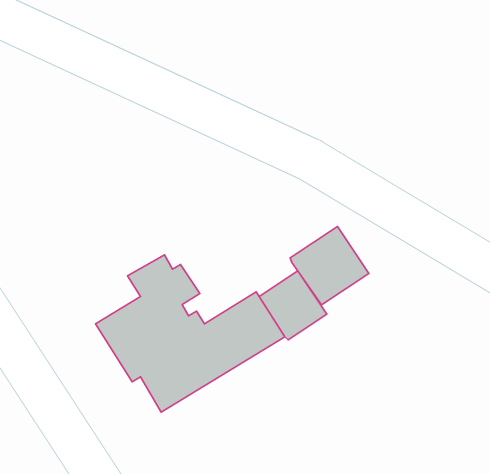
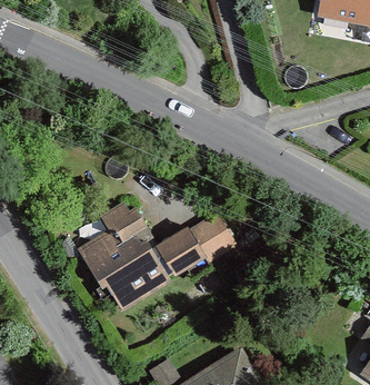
building: [290,226,369,305] -> none

